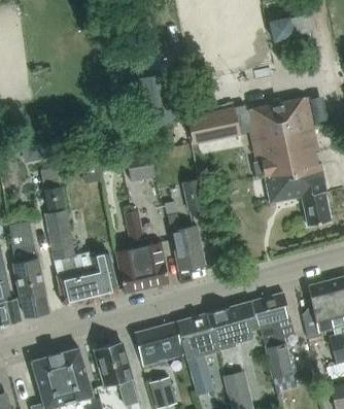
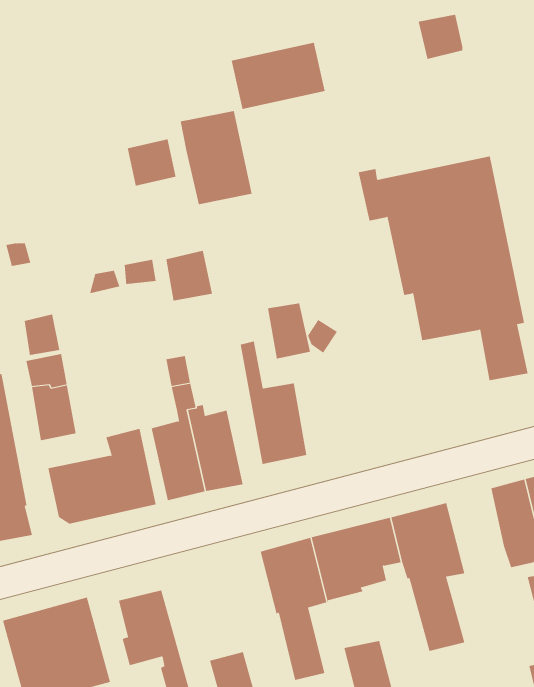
building: none -> [127,139,176,186]
building: [186,106,240,144] -> [231,42,325,109]
building: [135,322,183,366] -> none

